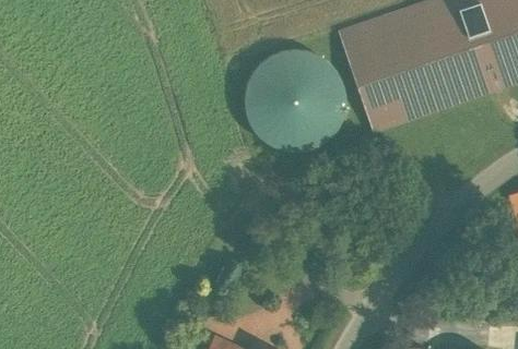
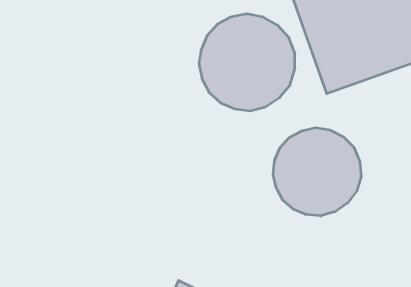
building: none -> [273,128,361,216]

